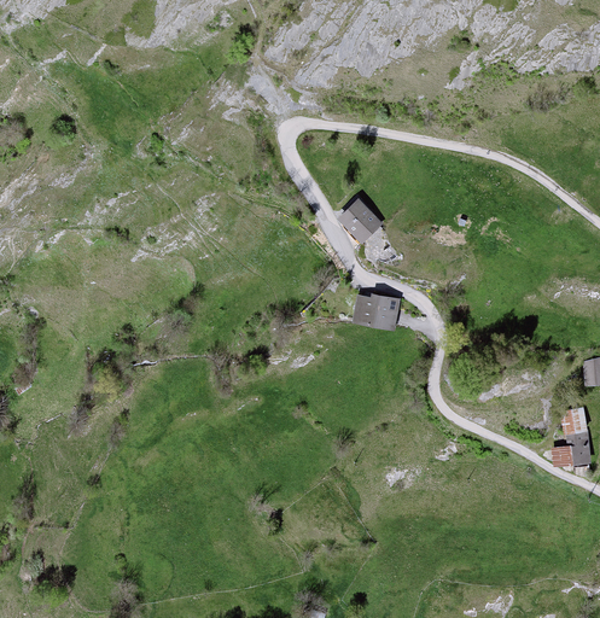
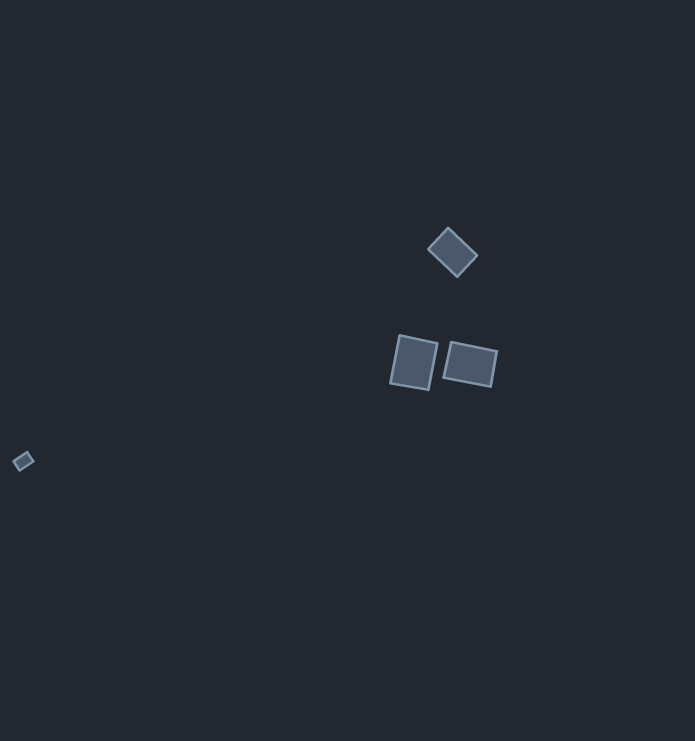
building: none -> [391,335,437,390]

